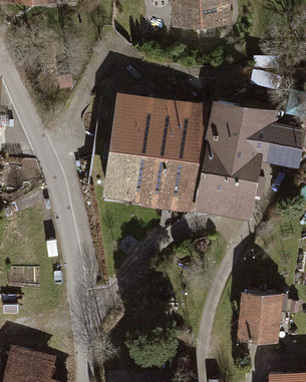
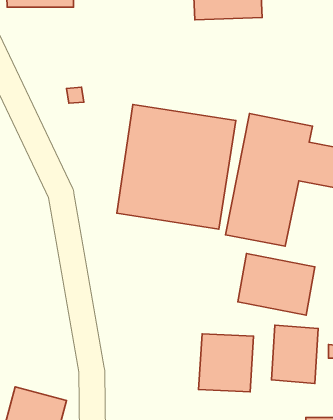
building: none -> [238,253,315,315]
building: none -> [199,334,254,392]

